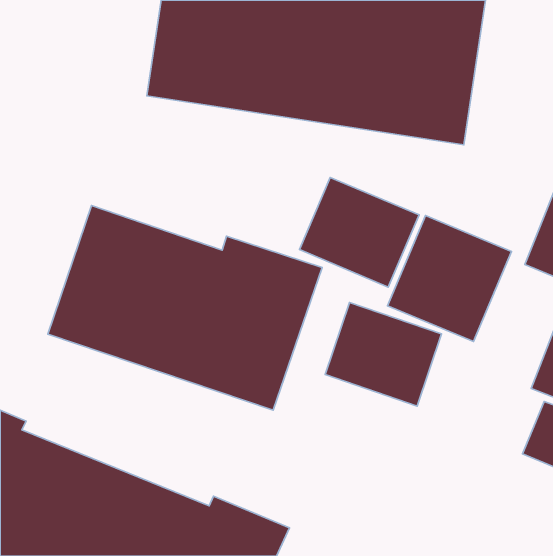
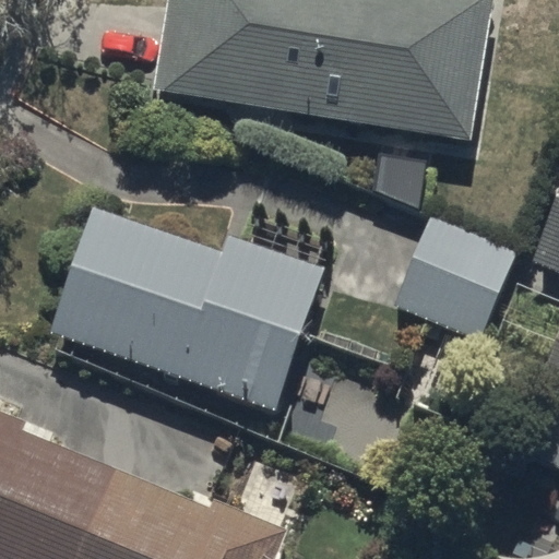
building: [299,177,419,287] -> none
building: [325,303,442,406] -> none

